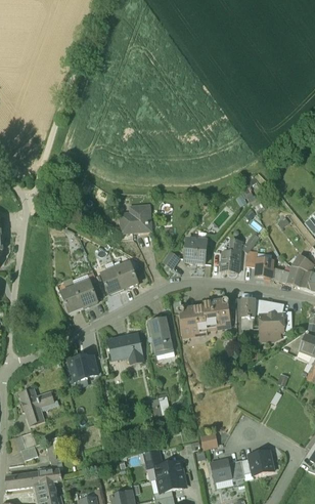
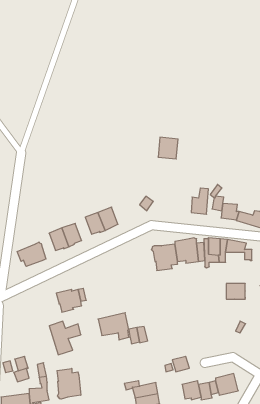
building: [121,206,151,234] -> none
building: [184,238,207,262] -> [158,137,178,159]
building: none -> [17,242,46,266]
building: [260,313,281,331] -> [226,284,245,299]
building: [148,319,173,350] -> none
building: [107,334,142,365] -> [98,313,129,340]
building: [19,388,55,426] -> [49,321,81,355]
building: none -> [57,368,81,399]

